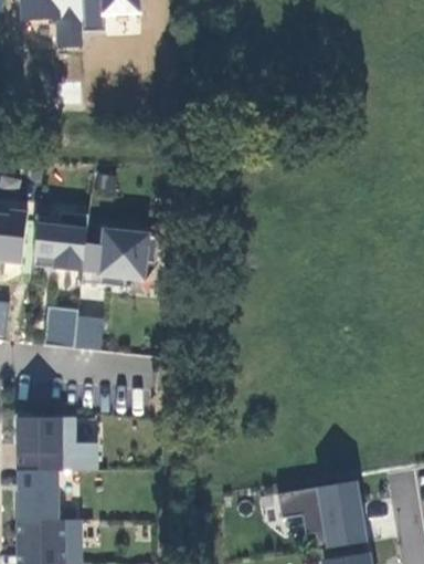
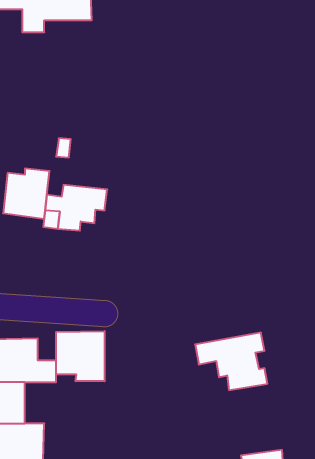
building: [44,309,104,348] -> none
building: none -> [56,331,105,381]
building: [277,480,364,550] -> [195,333,267,390]

